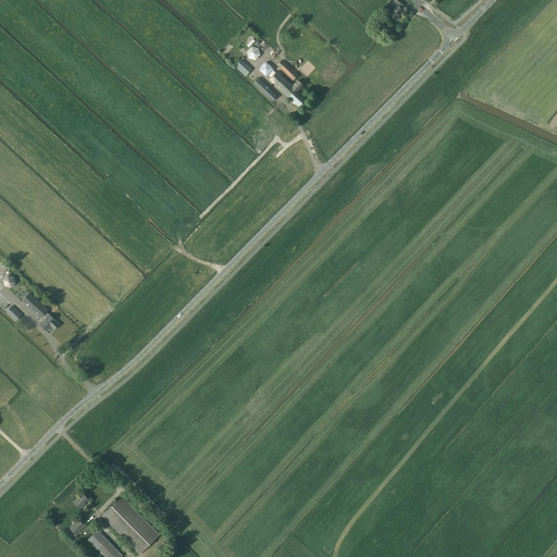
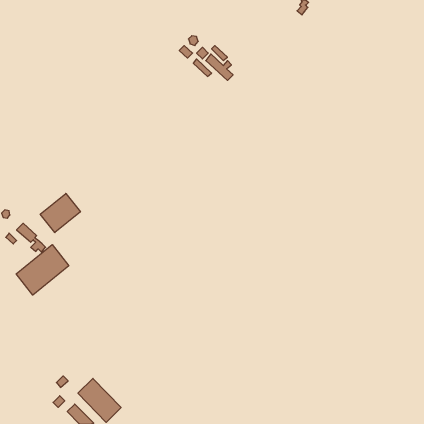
building: none -> [40,193,80,233]
building: none -> [16,245,69,295]

